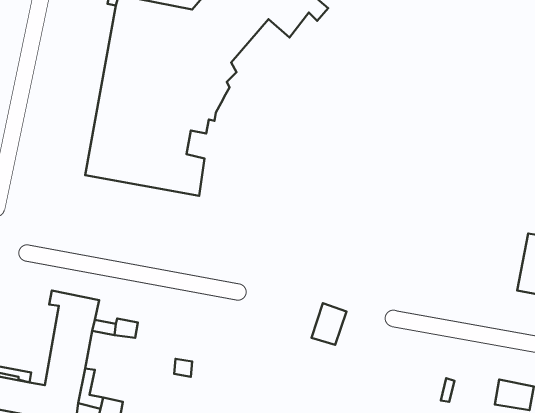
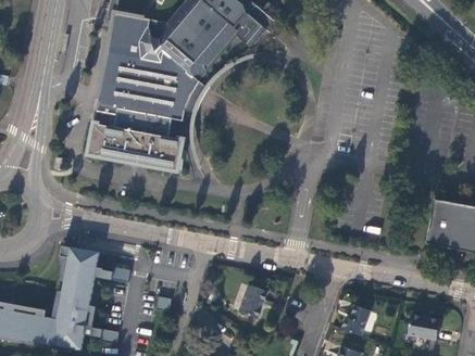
building: [312,303,346,345] -> [237,284,264,317]
building: none -> [340,305,368,335]

